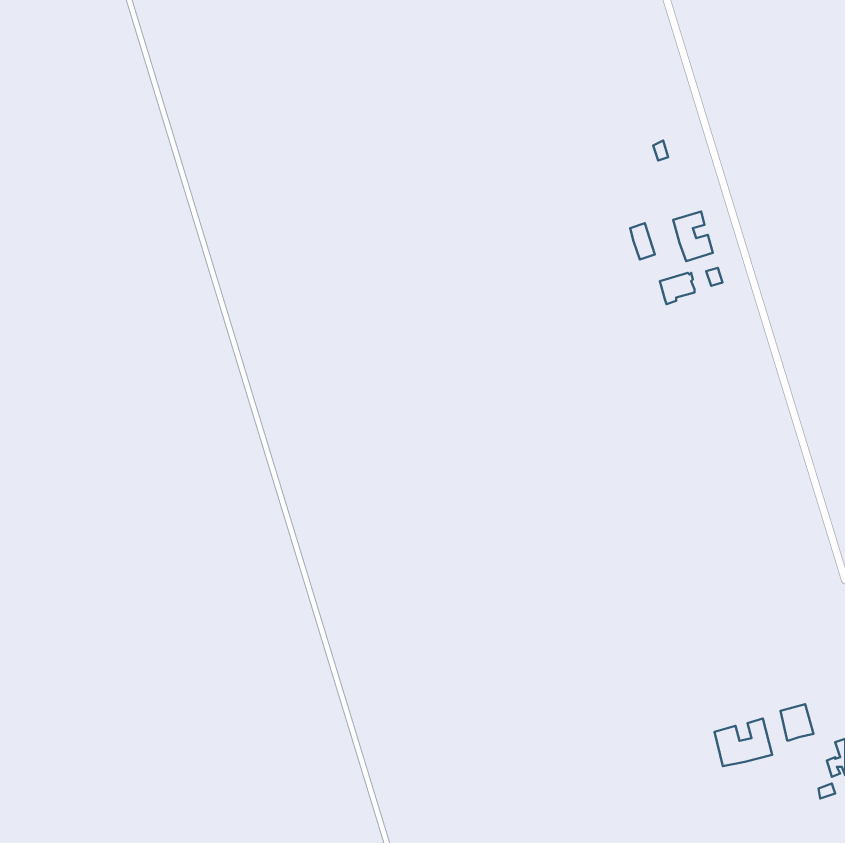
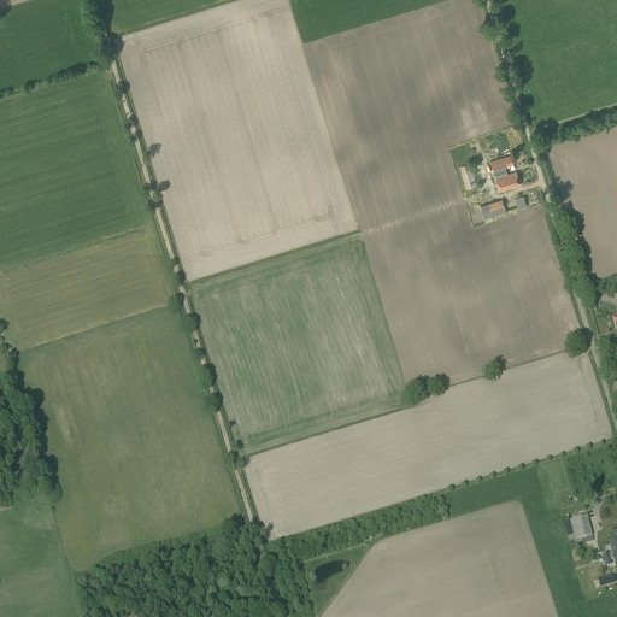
building: [714,719,772,766] -> none

